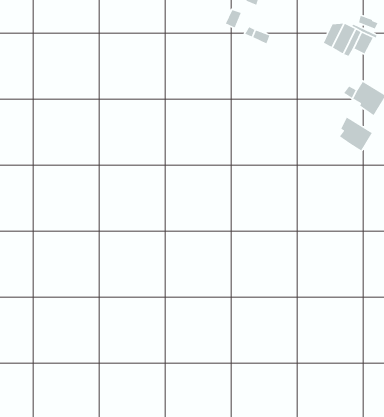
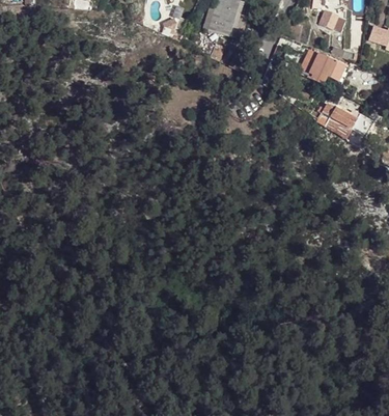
building: [339,116,373,151] -> none

